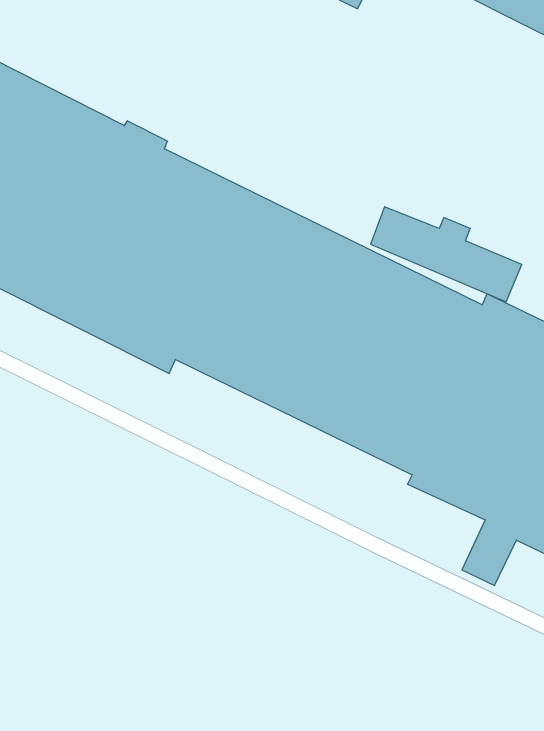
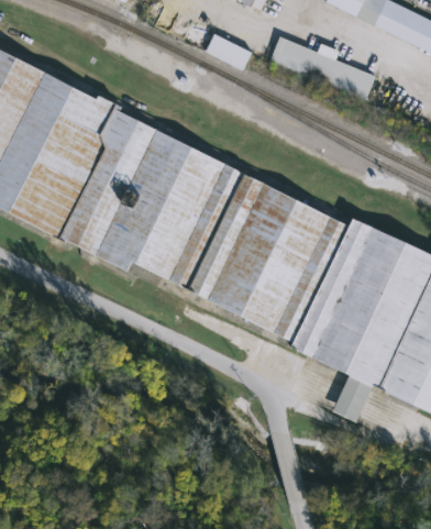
building: none -> [203,32,251,68]
building: [371,207,522,302] -> [268,37,375,104]

